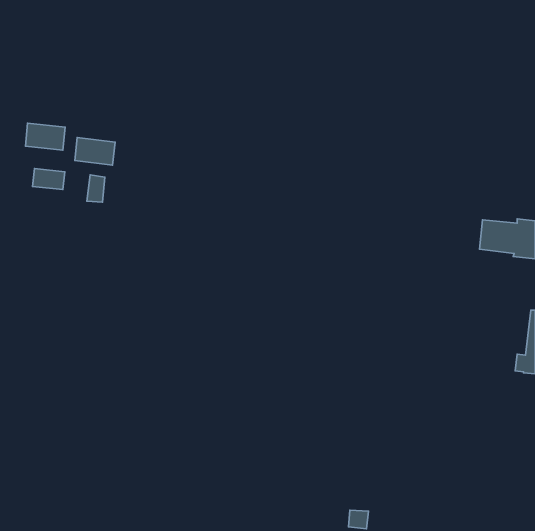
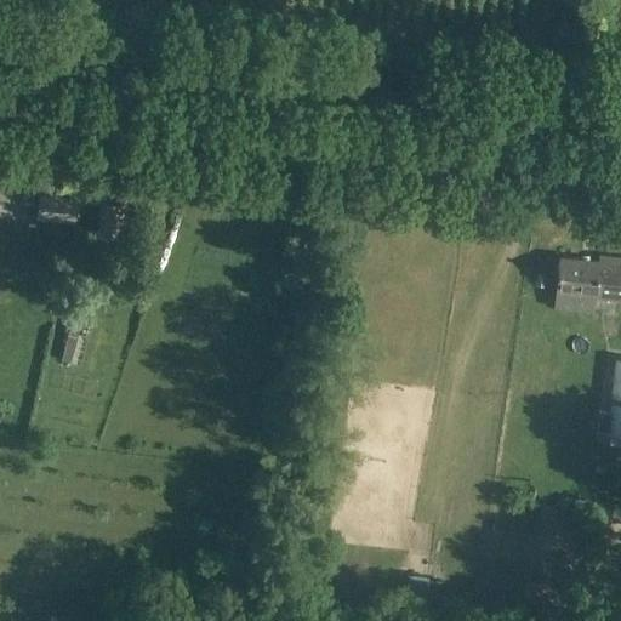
building: [25,123,65,150] -> none
building: [75,138,115,165] -> none

